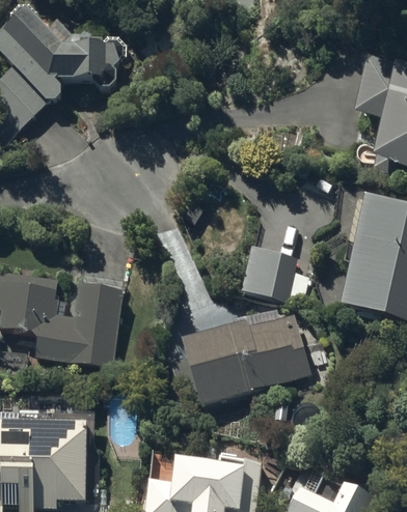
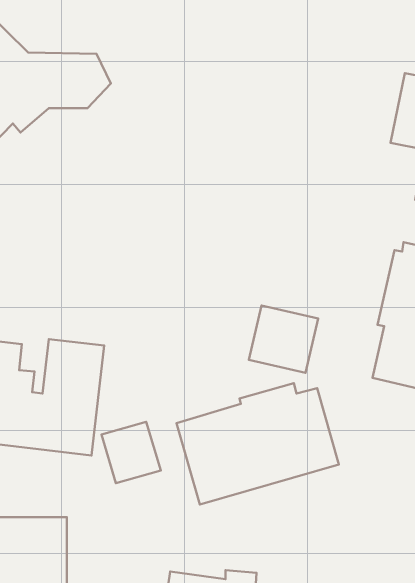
building: none -> [102,422,161,483]

